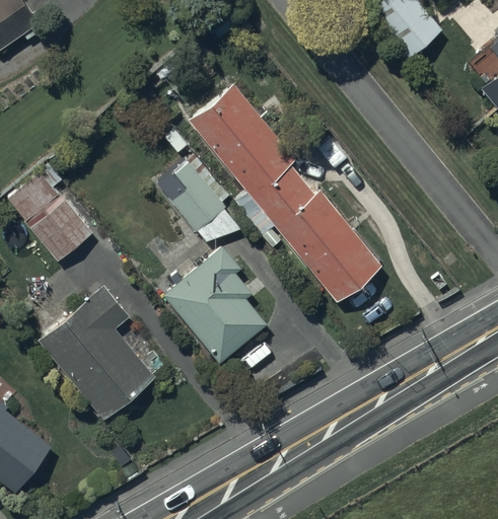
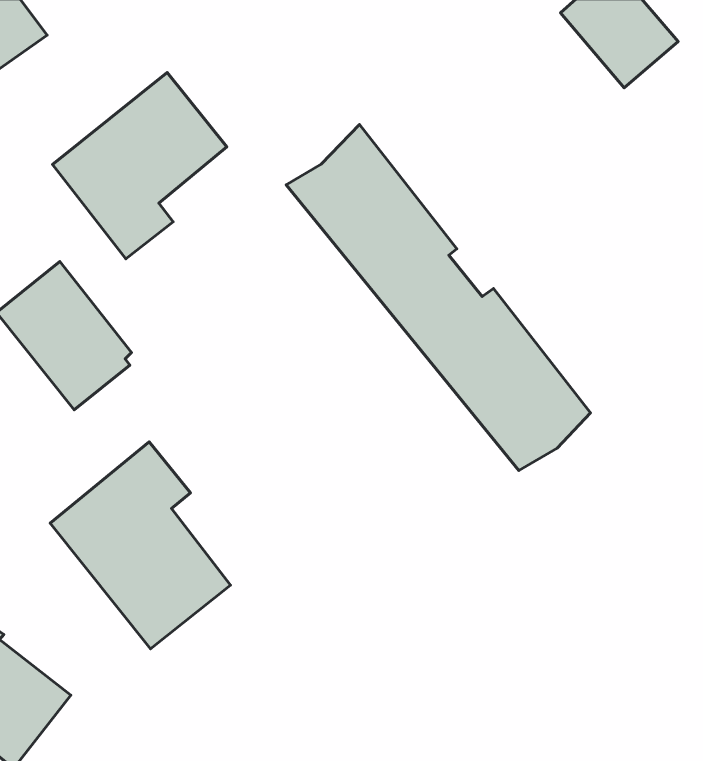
building: none -> [52,72,227,259]
building: [155,152,239,242] -> none
building: [160,251,266,368] -> none

